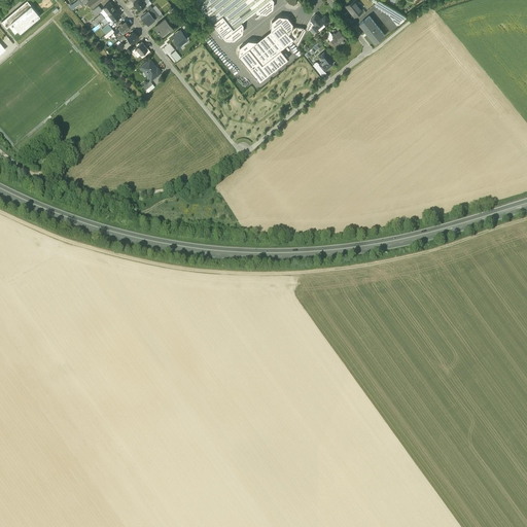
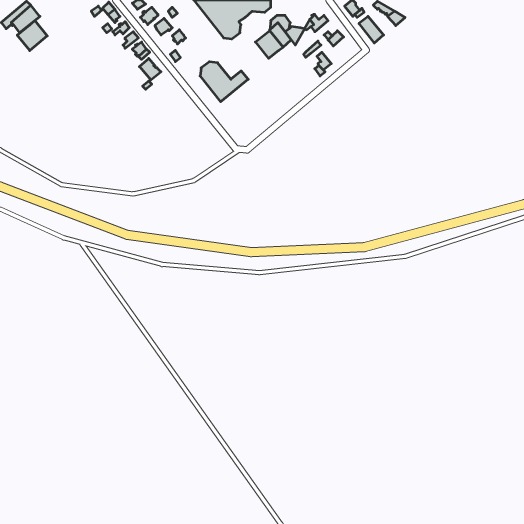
building: none -> [17,21,47,51]
building: [239,41,287,81] -> [200,62,248,102]

